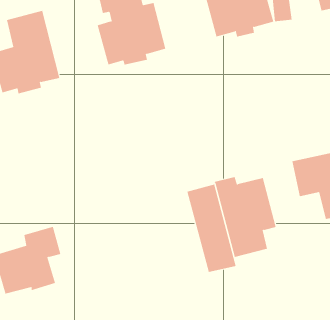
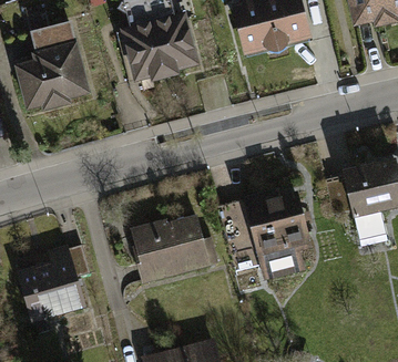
building: none -> [133,216,203,281]

